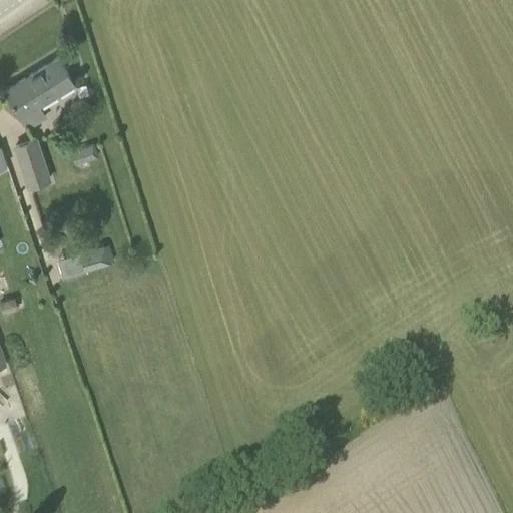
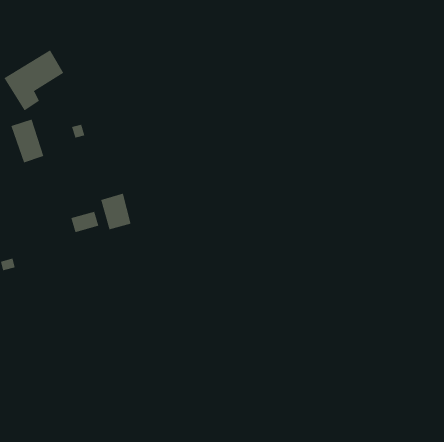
building: none -> [100,193,131,230]

